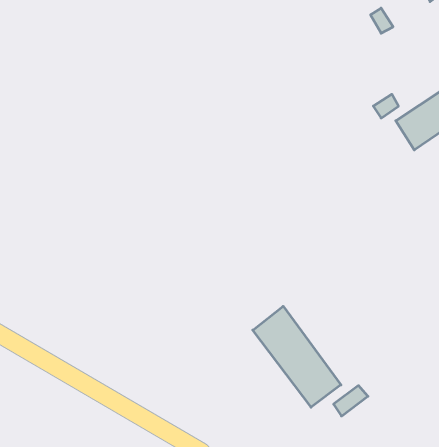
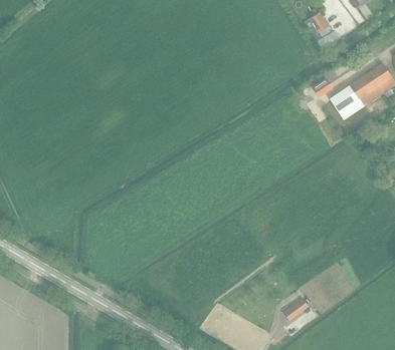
building: [253,306,341,407] -> none

